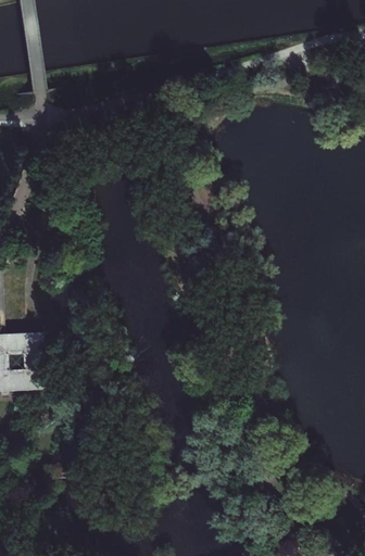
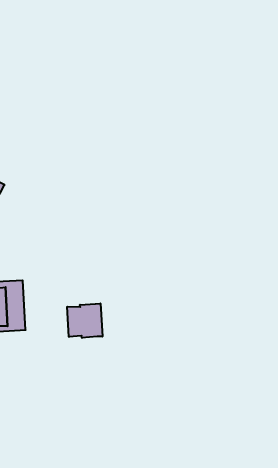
building: none -> [67,303,102,338]

